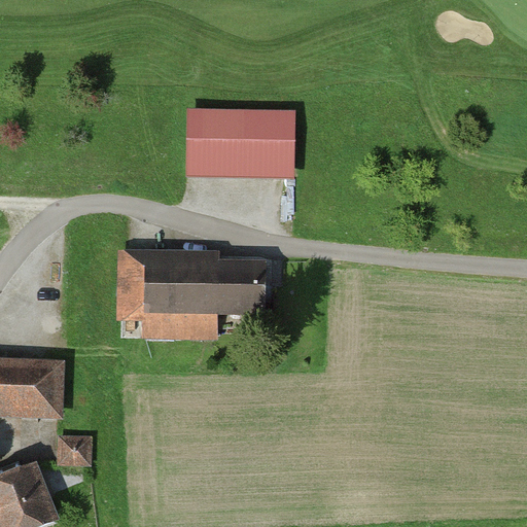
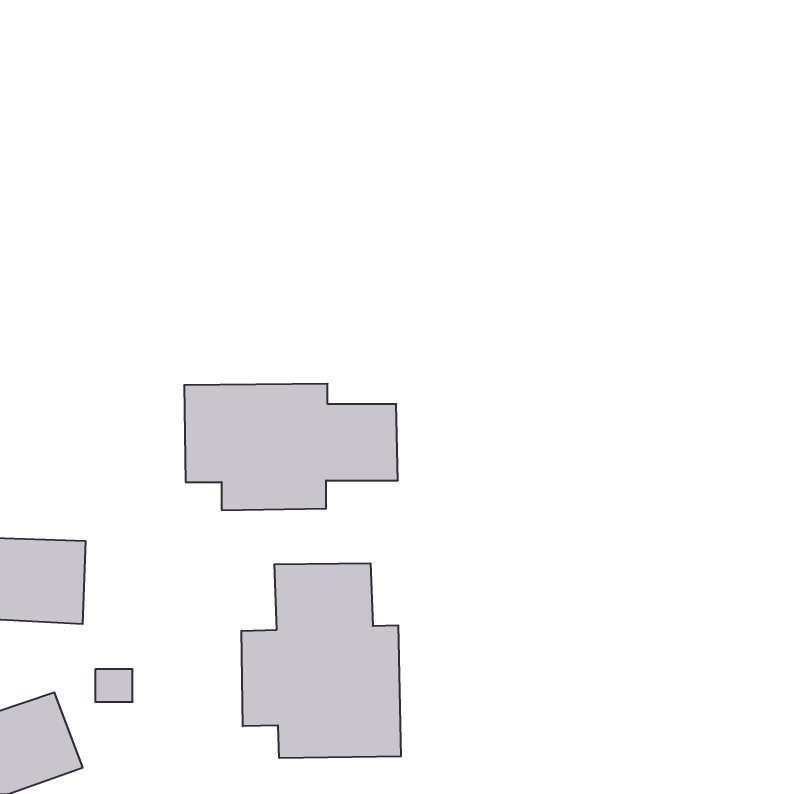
building: [191,116,290,177] -> none
building: none -> [241,563,401,758]

